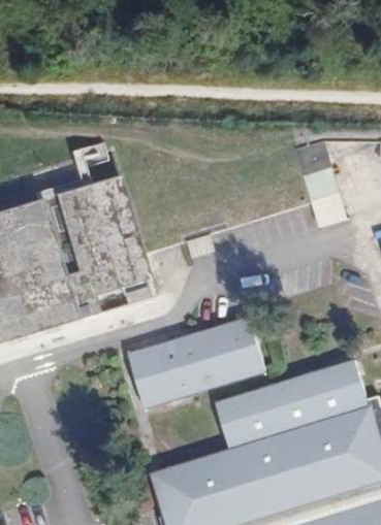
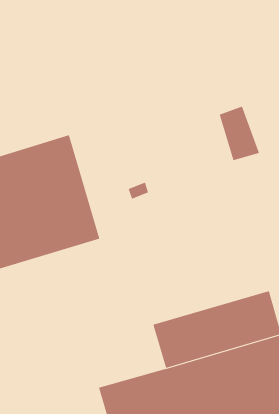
building: [128,319,264,405] -> none

